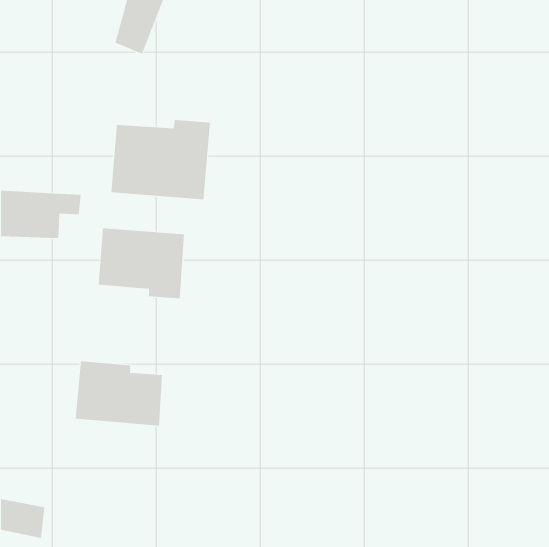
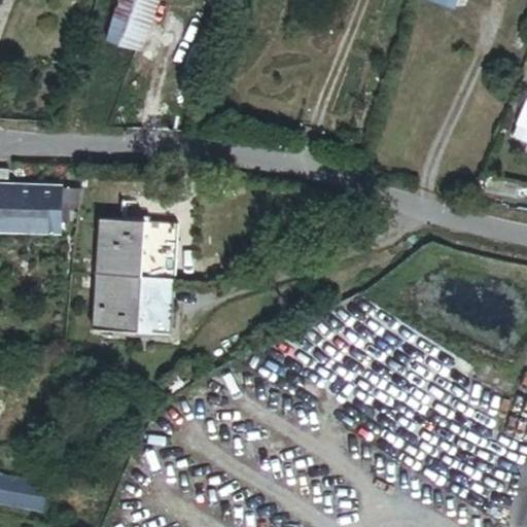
building: [111,119,211,200] -> none
building: [75,361,163,426] -> [89,273,173,336]

